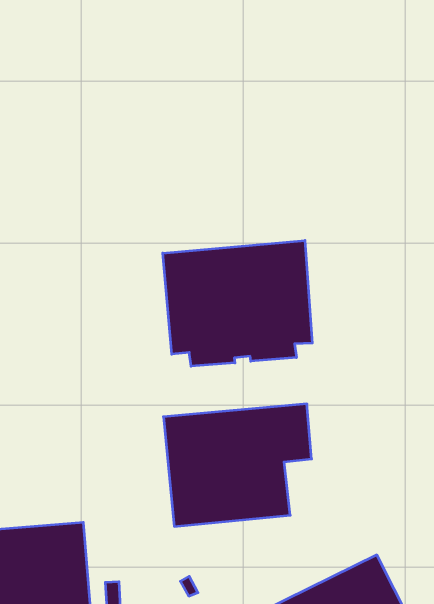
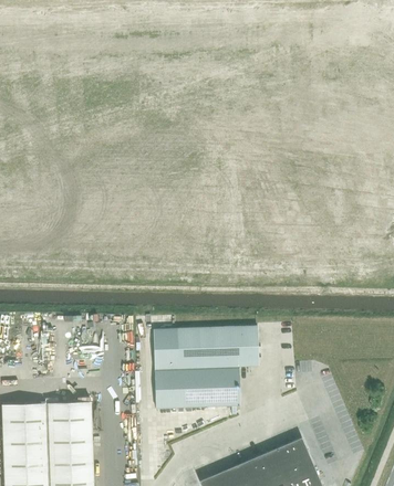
building: [163,240,312,366] -> none

